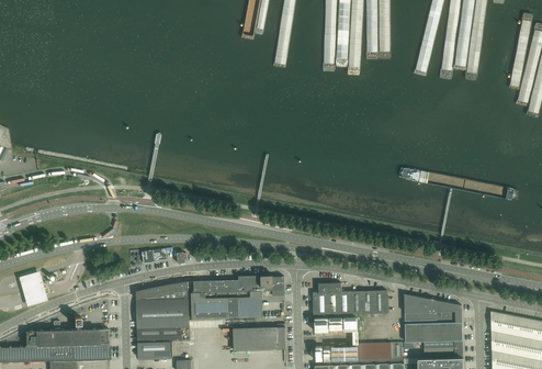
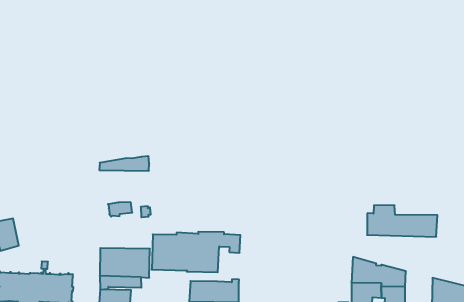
building: [135,282,188,300] -> [99,156,149,171]
building: [312,283,386,316] -> [367,205,437,237]

